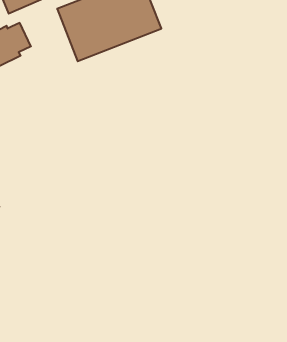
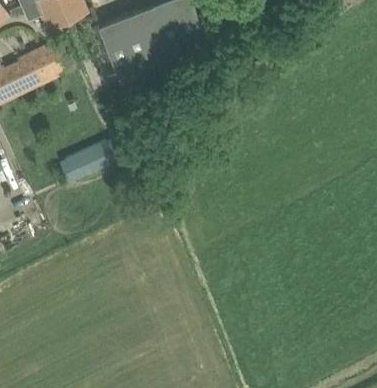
building: none -> [63,142,113,179]

